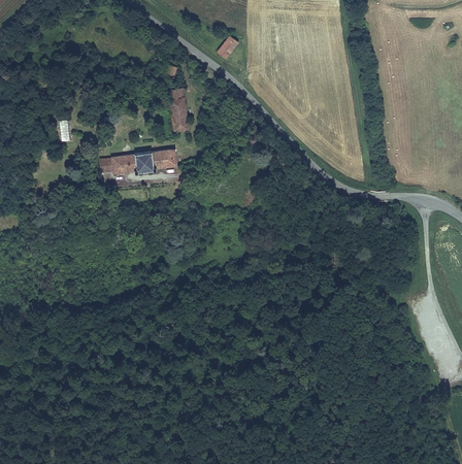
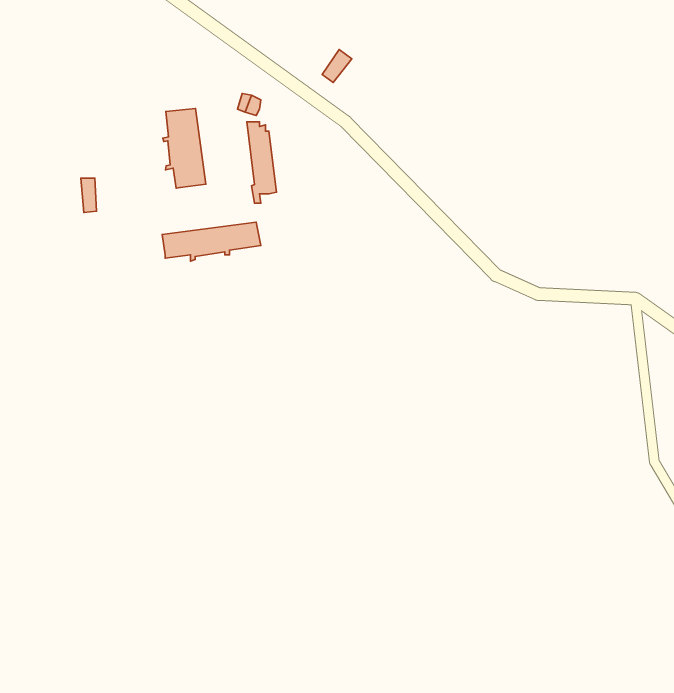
building: none -> [163,109,206,188]

